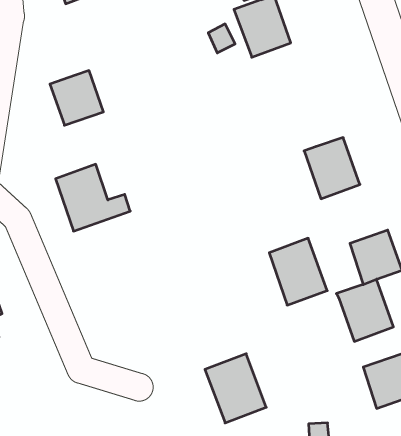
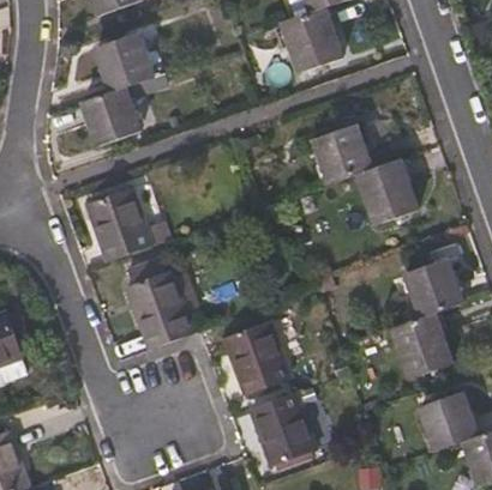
building: none -> [96,35,164,92]
building: none -> [313,125,370,183]
building: none -> [128,258,193,350]
building: [269,238,327,305] -> [226,322,288,394]

